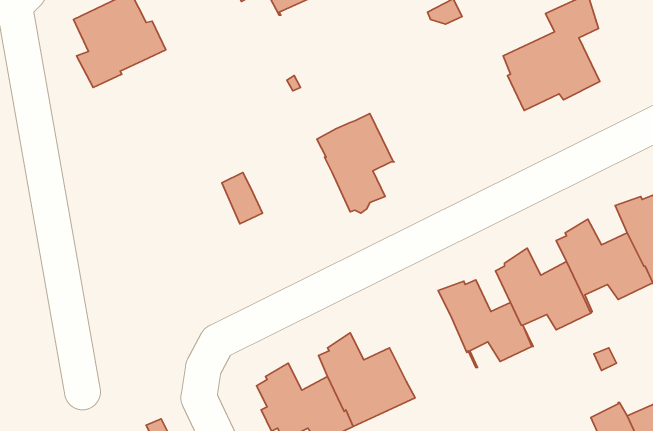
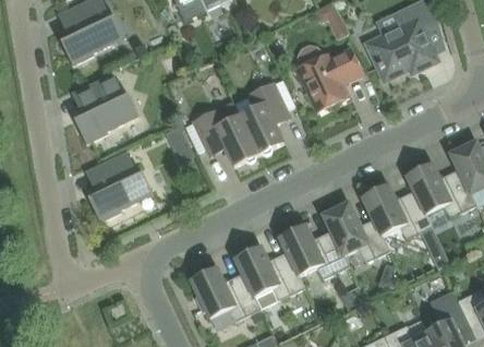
building: none -> [297,40,363,110]
building: none -> [72,73,140,142]
building: none -> [194,100,258,165]
building: none -> [86,152,153,220]
building: none -> [279,219,349,287]

